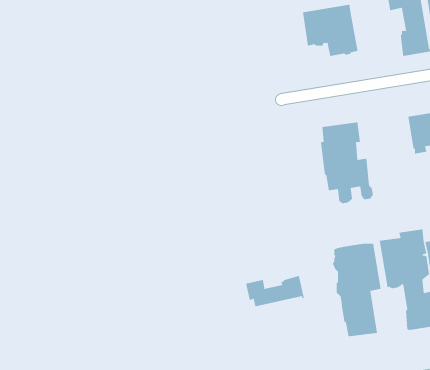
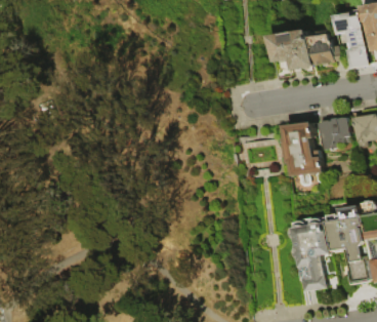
building: none -> [306,33,339,65]
building: none -> [317,116,349,149]
building: [246,275,305,307] -> none

